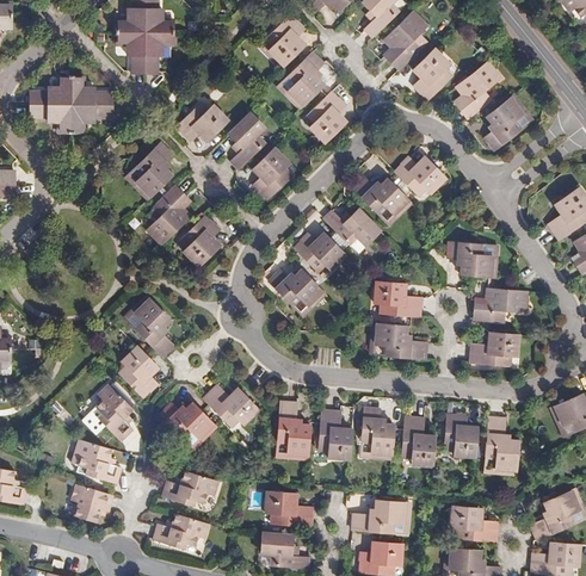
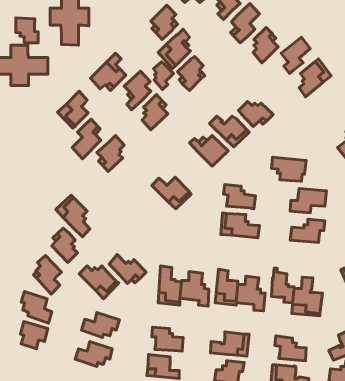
building: none -> [16,18,38,43]
building: none -> [154,62,173,90]
building: [294,235,346,272] -> none

